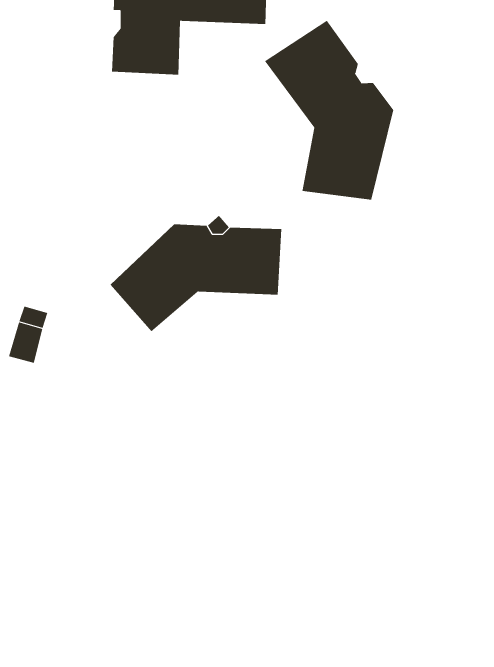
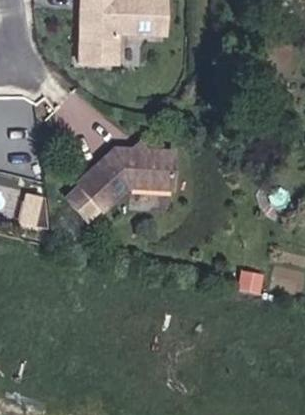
building: [264,20,394,200] -> none

